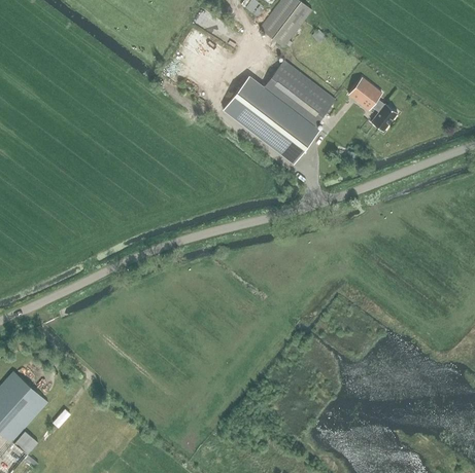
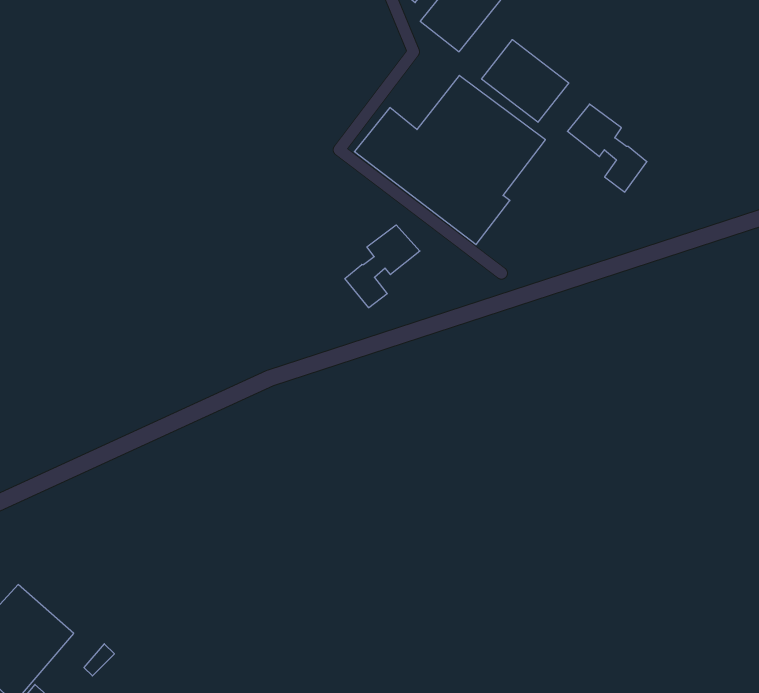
building: none -> [482,40,569,122]
building: none -> [345,225,420,308]

